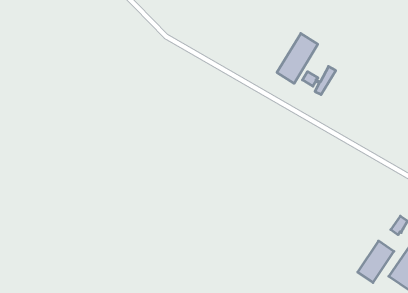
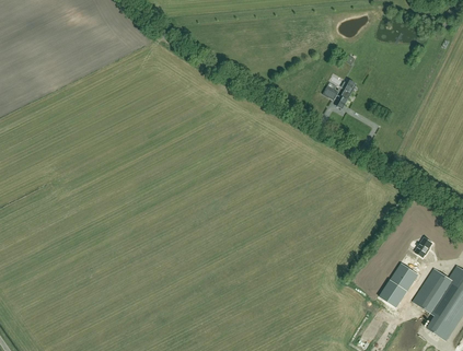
building: [277,33,318,83] -> none

